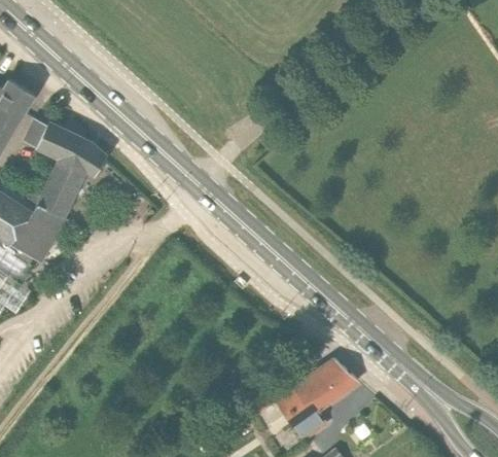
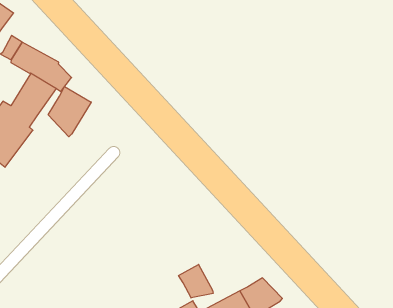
building: none -> [48,87,91,137]
building: none -> [179,264,213,298]

